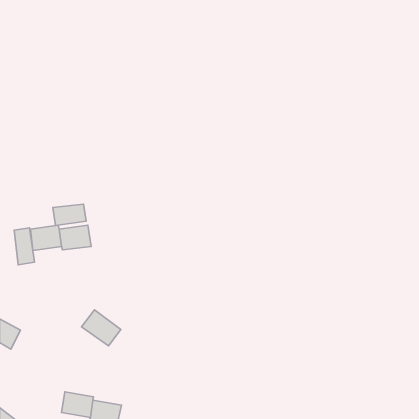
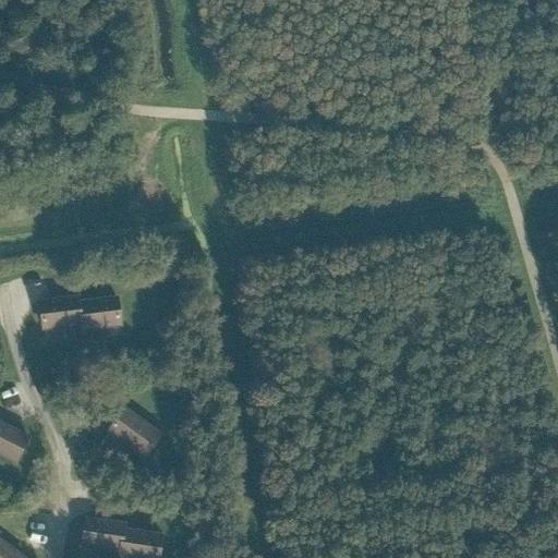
building: [53,204,86,226] -> none
building: [14,228,35,265] -> none

